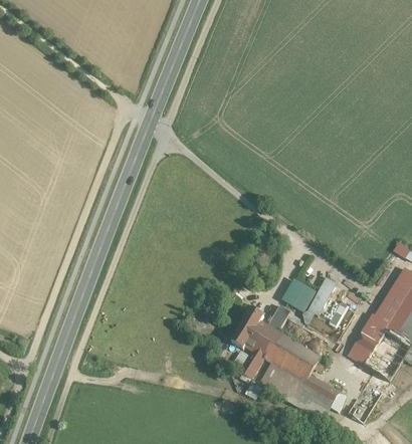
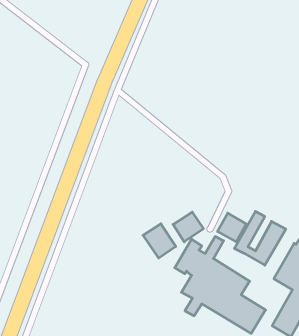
building: none -> [173,212,203,242]
building: none -> [143,224,176,258]

